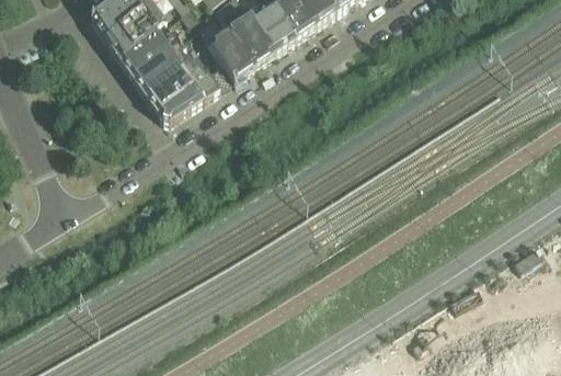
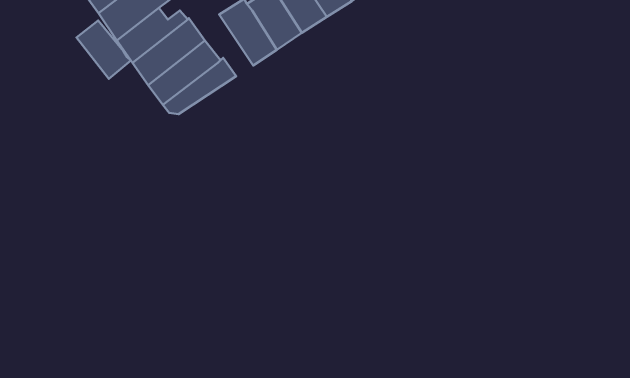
building: none -> [76,21,131,79]

